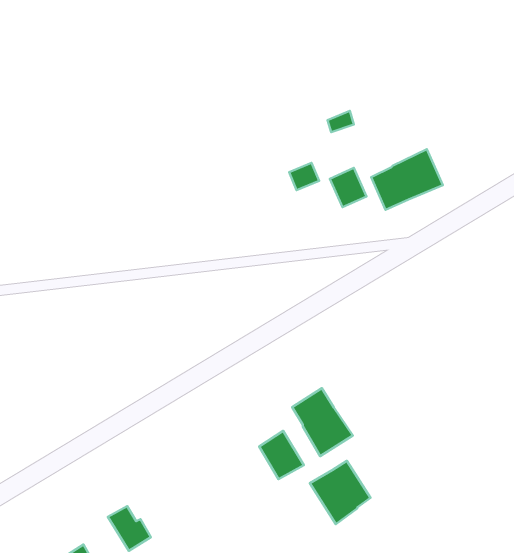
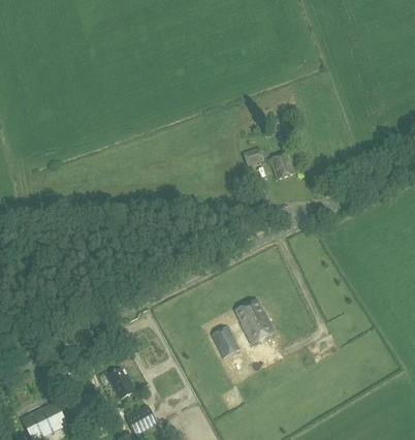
building: [371,149,443,210] -> none
building: [310,461,370,524] -> none

